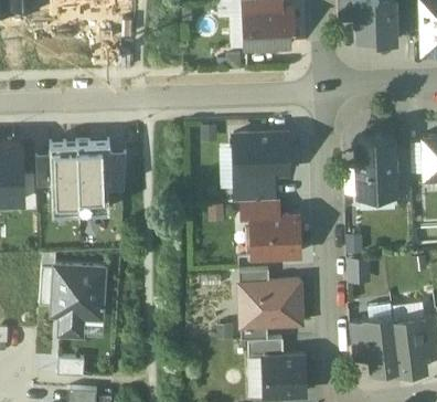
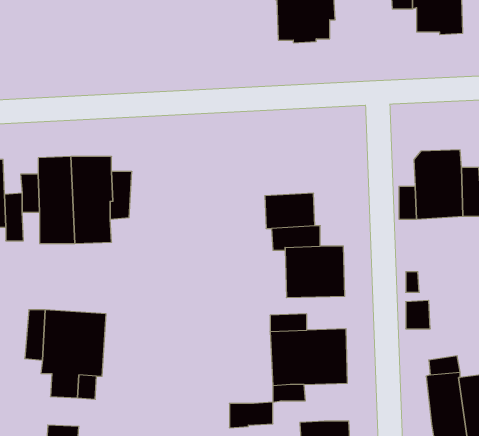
building: [233,131,287,173] -> none
building: [348,320,370,361] -> none
building: [247,339,283,360] -> [229,402,273,428]

